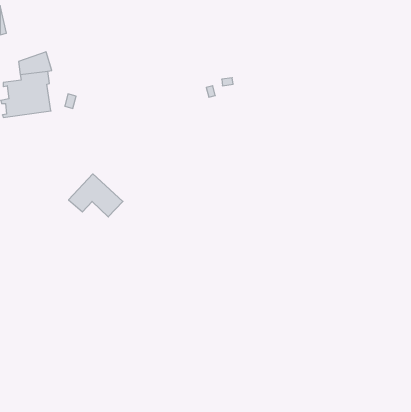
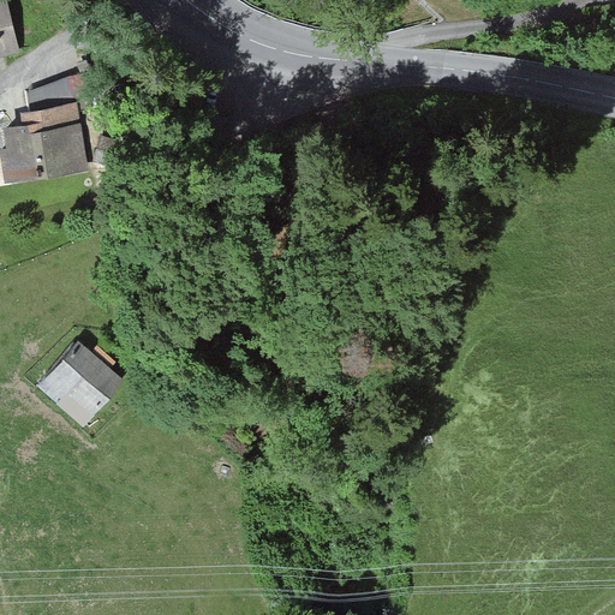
building: [69,174,123,217] -> [42,344,123,407]

